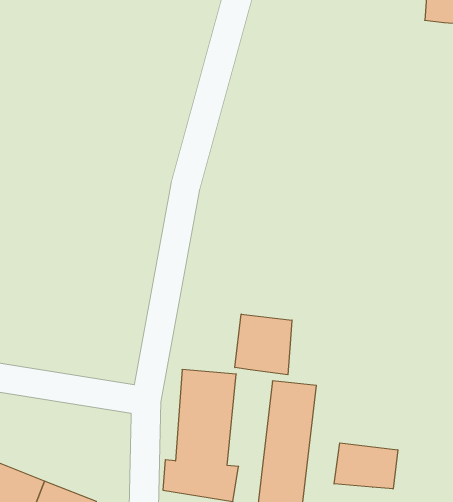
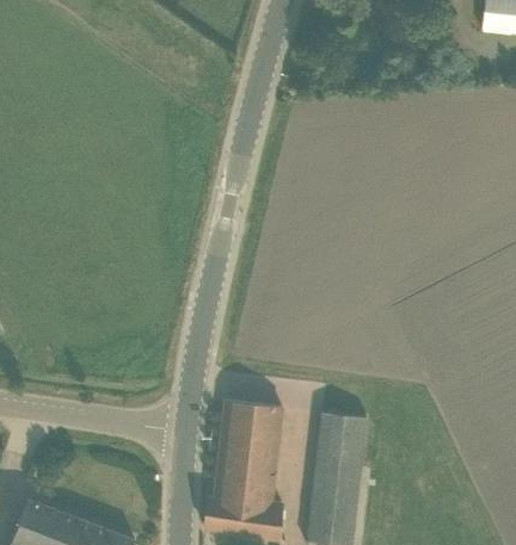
building: [235,314,292,375] -> none
building: [334,443,398,489] -> none

